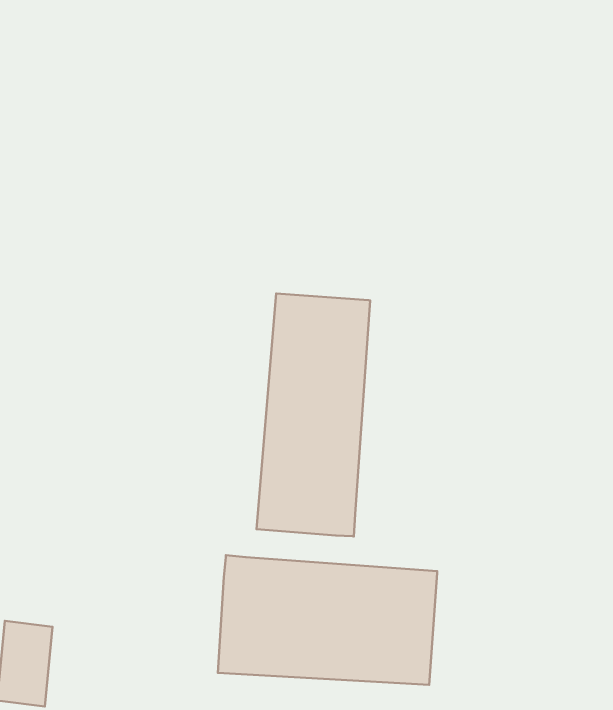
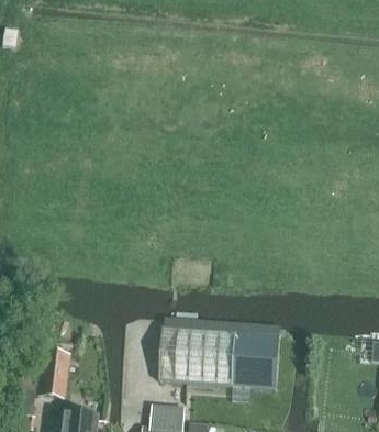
building: [257,294,370,536] -> none

